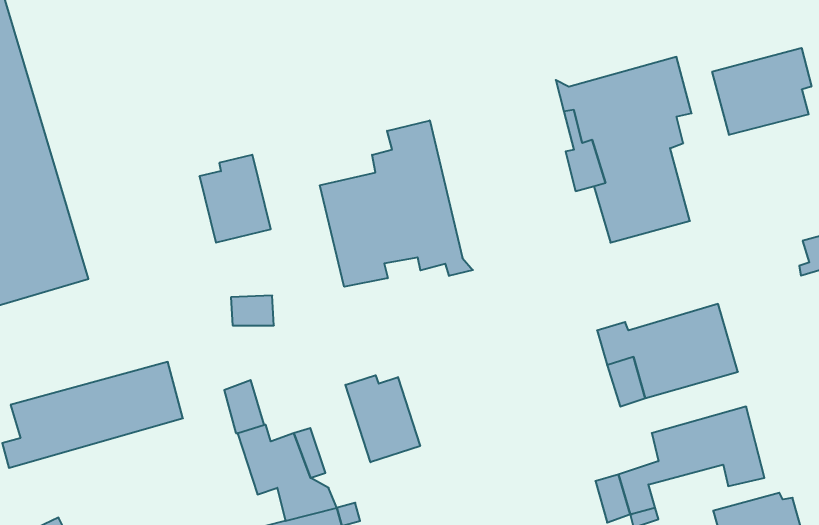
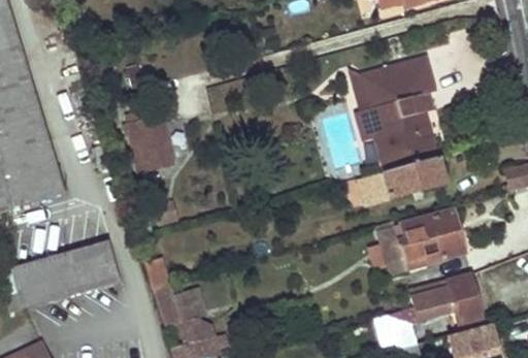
building: [712,48,811,135] -> none
building: [320,120,473,287] -> none
building: none -> [359,157,446,203]
building: [345,375,420,462] -> none

